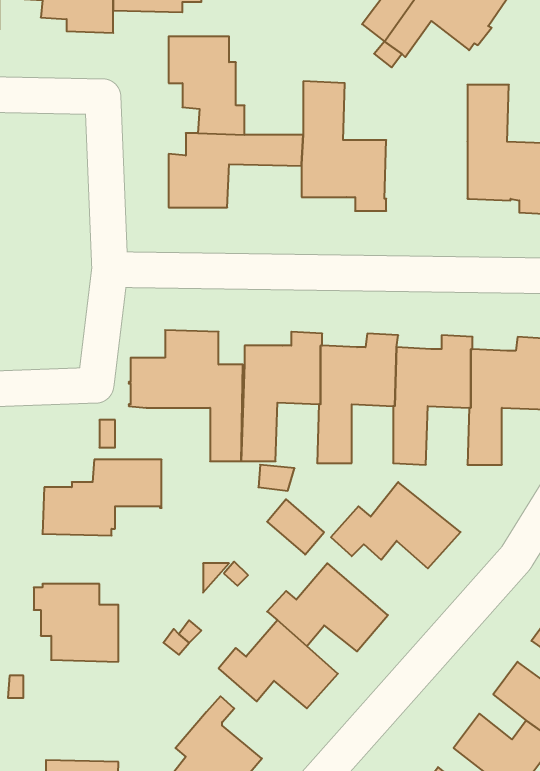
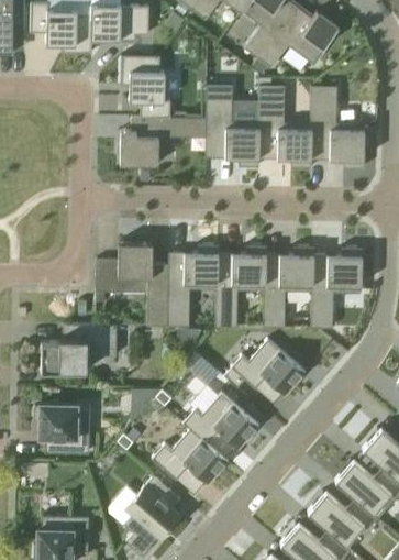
building: none -> [258,85,312,167]

